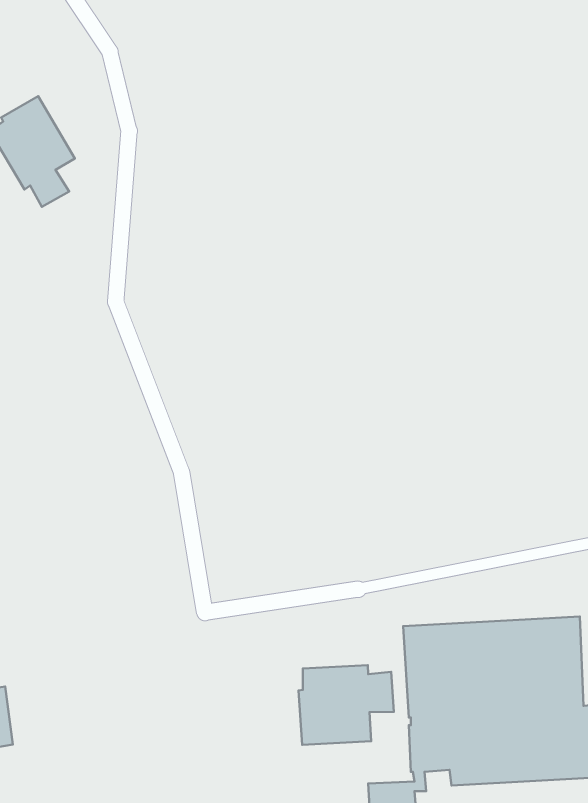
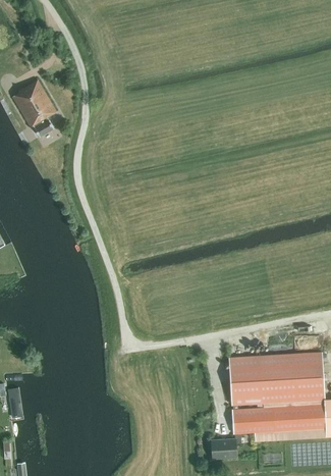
building: [299,665,394,745] -> none

